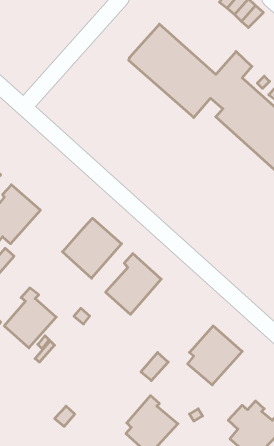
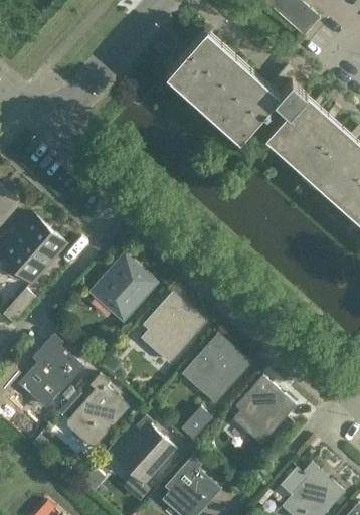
building: none -> [181,335,250,404]
building: none -> [67,374,130,446]
building: none -> [116,414,176,483]

